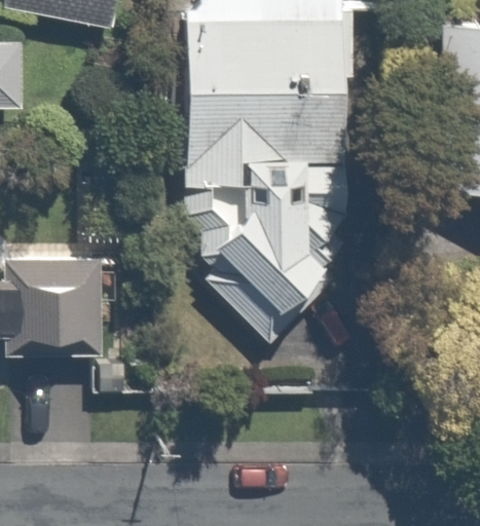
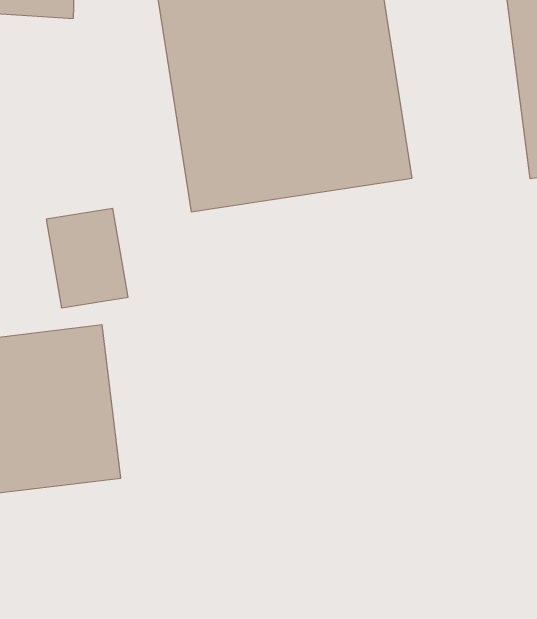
building: [193,188,354,327] -> none

